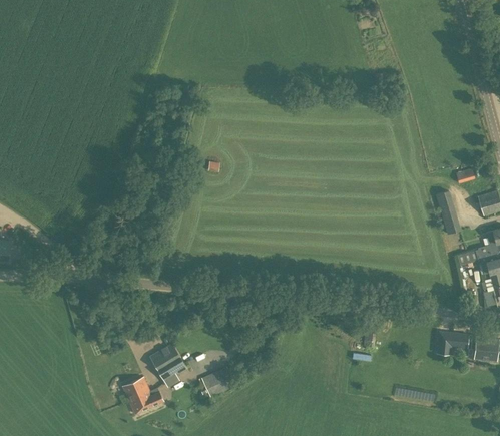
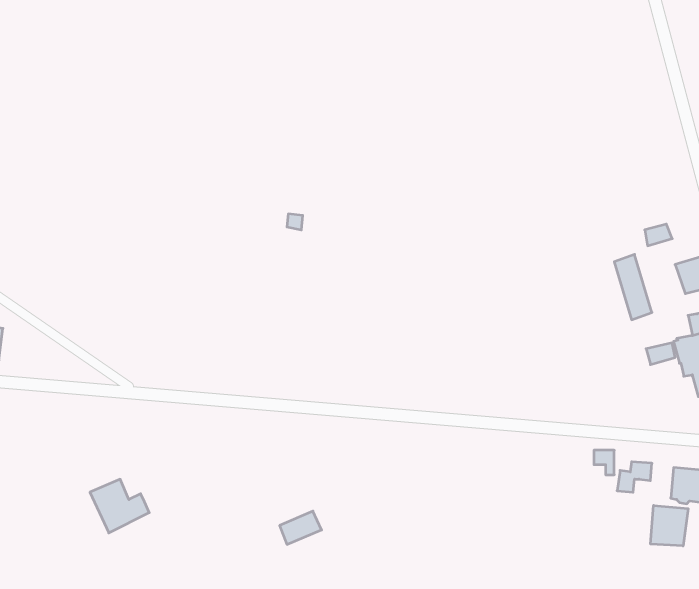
building: [150,343,187,381] -> none
building: none -> [651,505,688,546]
building: [123,377,164,414] -> [90,479,149,533]

